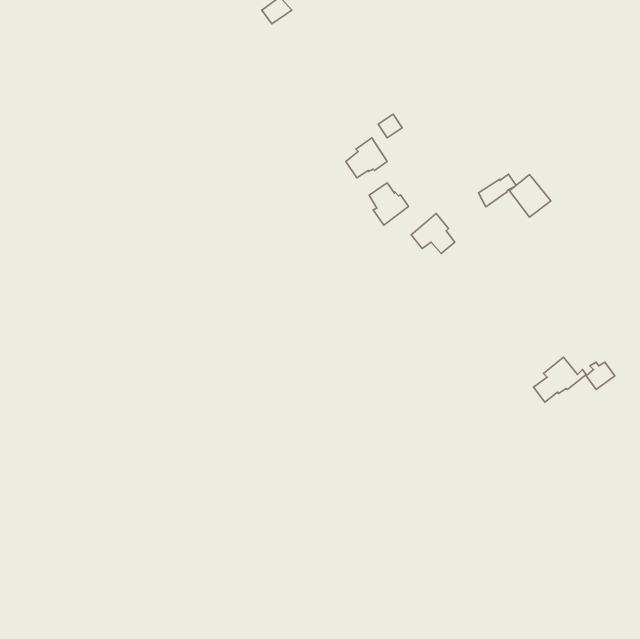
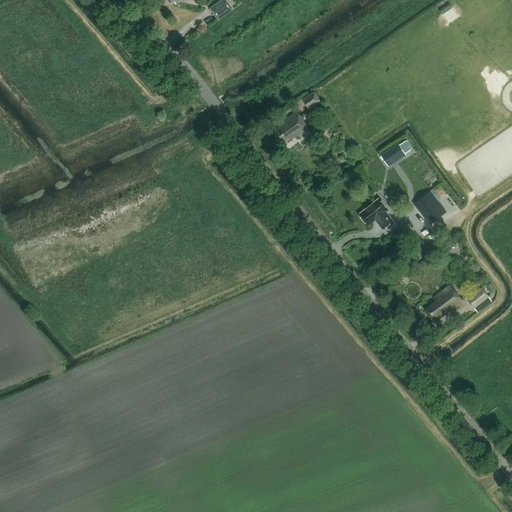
building: [510,174,551,217] -> [414,190,447,224]
building: [369,183,408,225] -> none
building: [411,213,455,254] -> [359,197,394,229]

